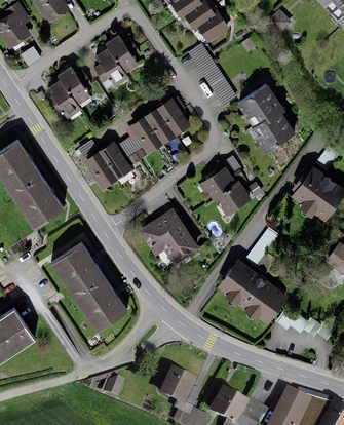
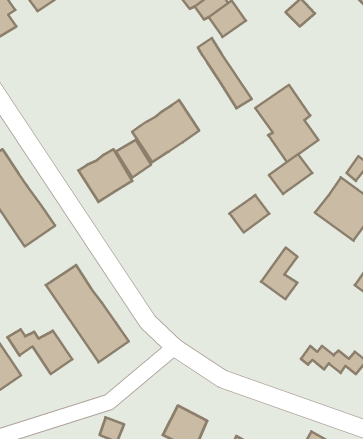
building: [94,35,139,82] -> none
building: [45,67,91,115] -> none
building: [199,166,237,201] -> [269,154,312,194]
building: [137,206,199,265] -> none
building: [217,259,290,325] -> none
building: none -> [7,329,72,374]

